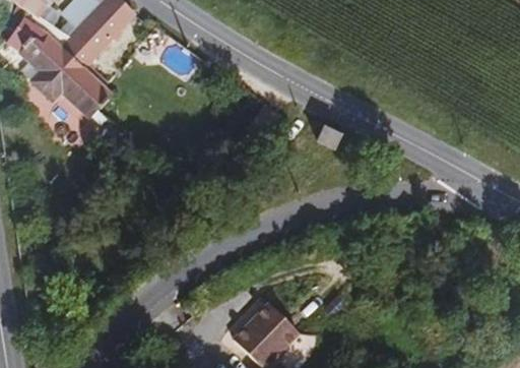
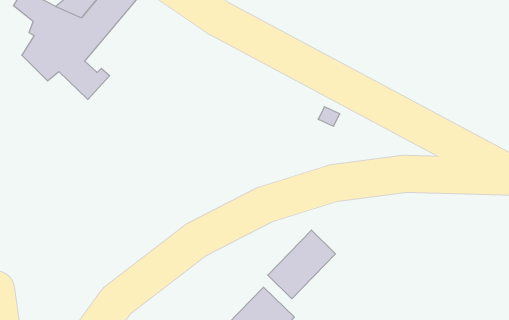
building: none -> [268,230,335,299]

